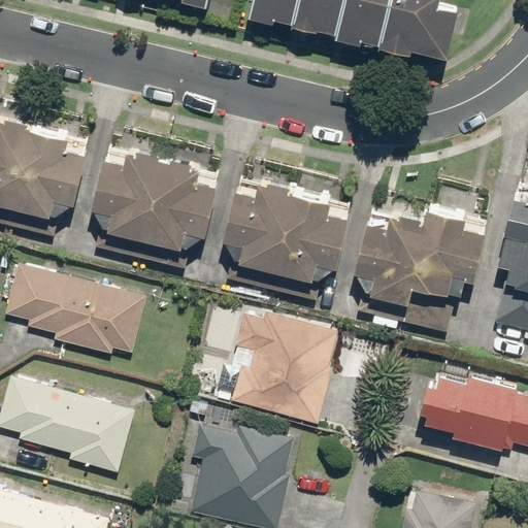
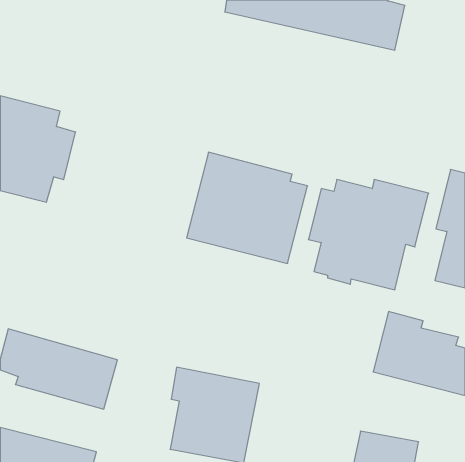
building: [86,144,217,271] -> none
building: [7,263,146,356] -> none
building: [233,306,336,425] -> none

